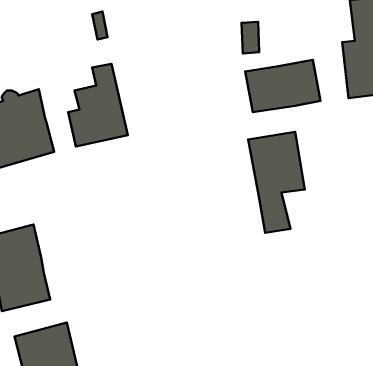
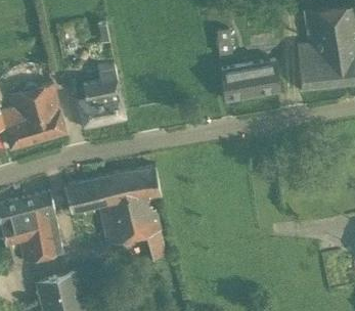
building: [248,132,305,233] -> none
building: none -> [64,164,167,260]

